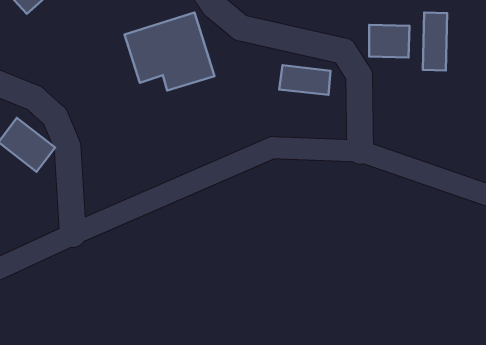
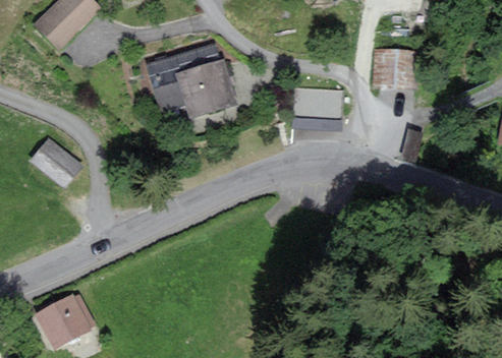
building: [423,12,447,70] -> none
building: none -> [39,298,93,345]

